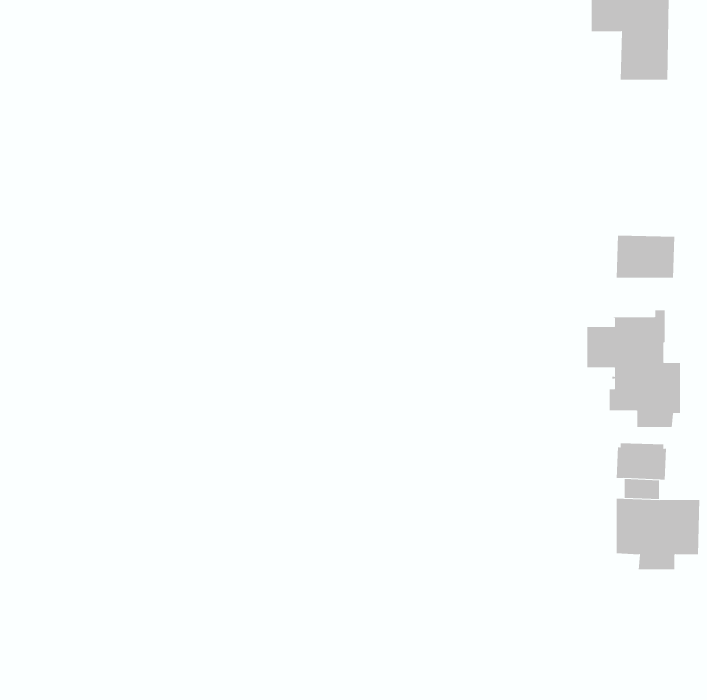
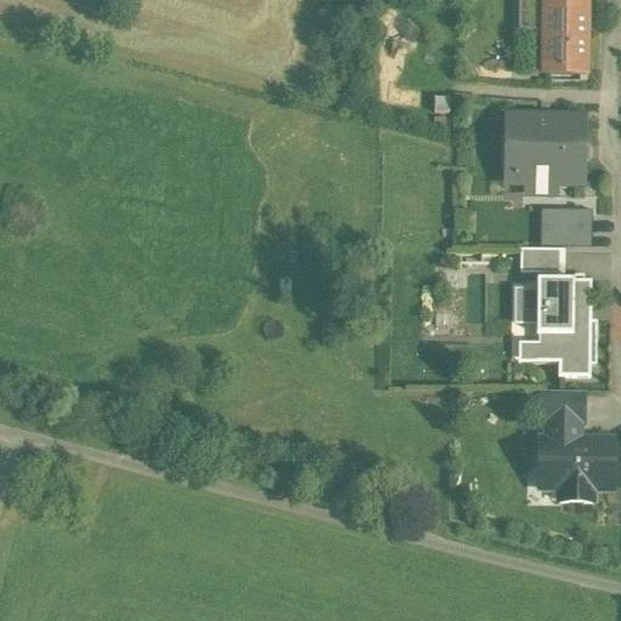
building: none -> [509,116,579,190]
building: none -> [519,245,565,270]

